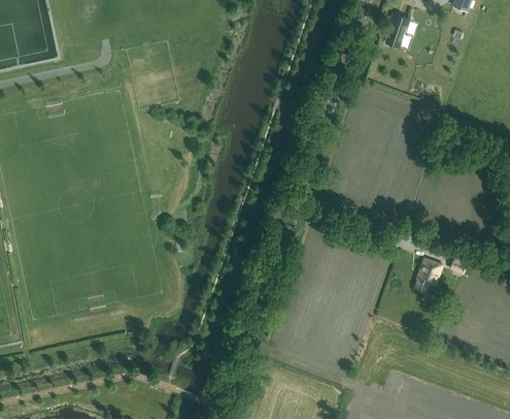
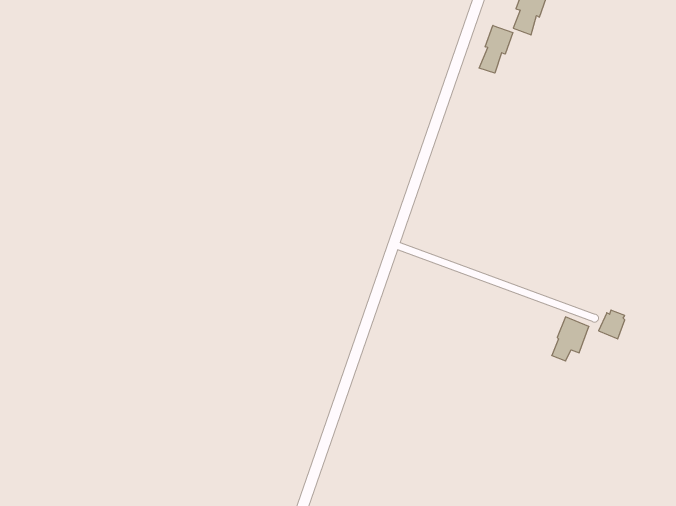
building: none -> [479,25,513,73]

